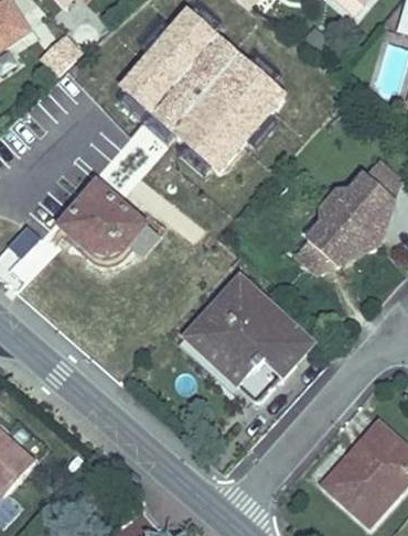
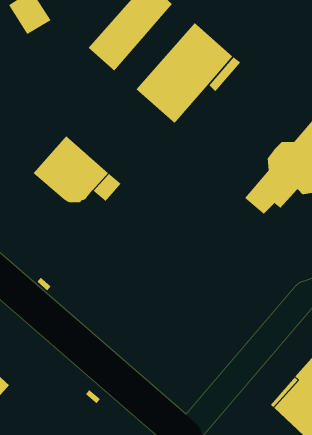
building: [151,35,240,130] -> none
building: [179,275,311,401] -> none

